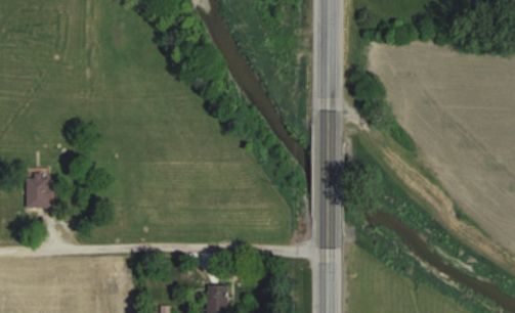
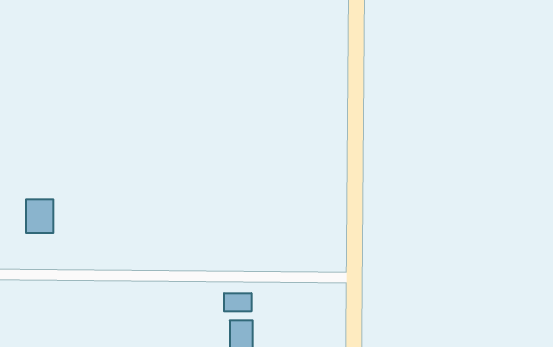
building: none -> [224,293,251,311]

